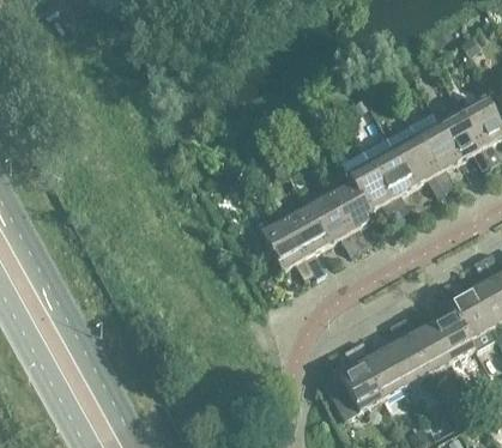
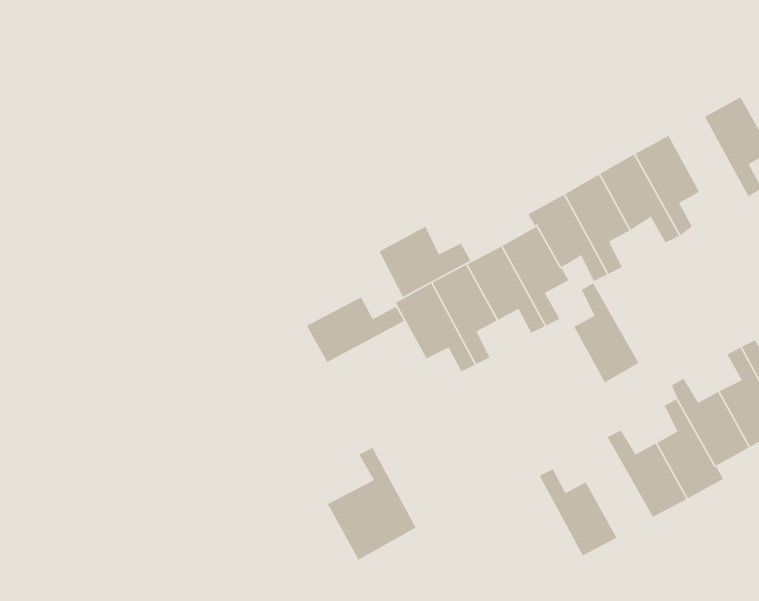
building: [440,110,491,168] -> none
building: none -> [379,226,472,298]
building: none -> [306,296,405,363]
building: [386,319,429,385] -> [573,282,640,383]
building: [325,344,383,418] -> [327,447,417,561]

